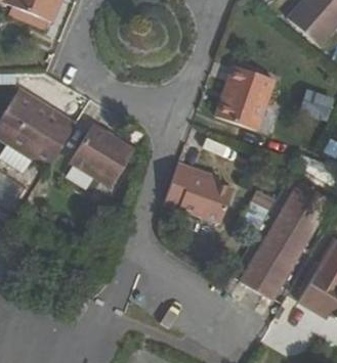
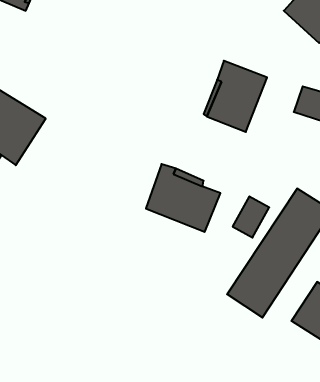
building: [66,118,129,180] -> none

